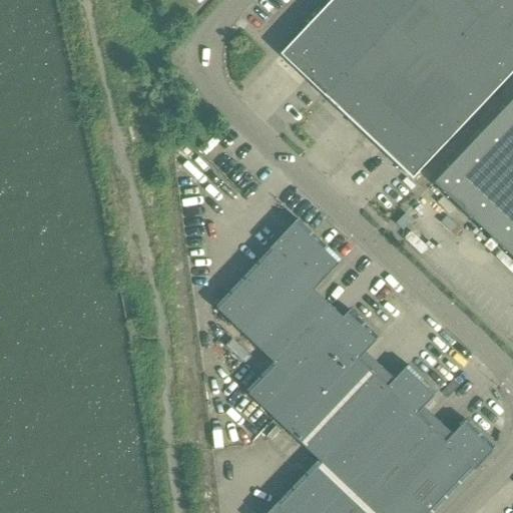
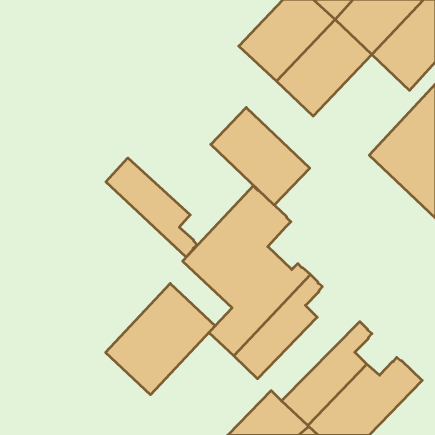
building: [369,64,482,178] -> none
building: none -> [211,107,310,205]
building: none -> [106,158,197,257]
building: none -> [106,283,215,395]
building: [304,365,424,471] -> none

